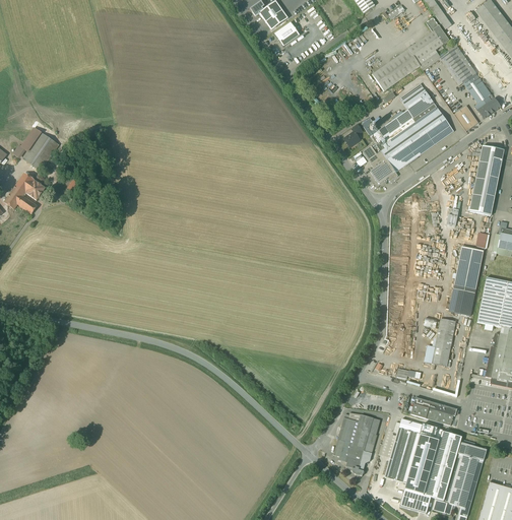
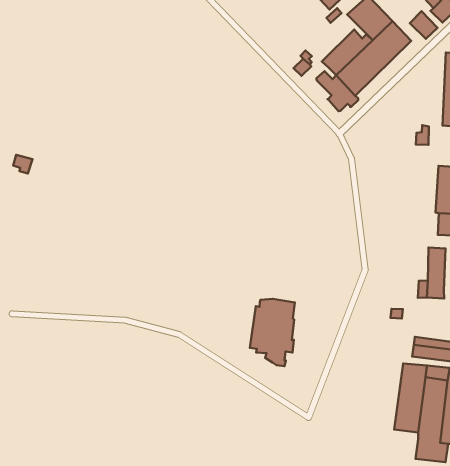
building: [333,412,380,475] -> [250,299,295,366]

